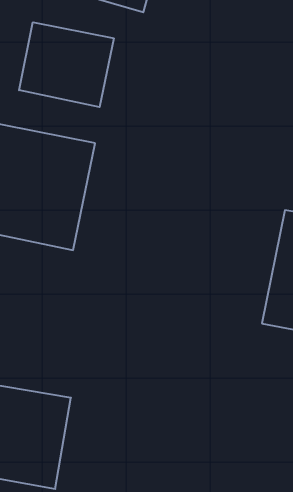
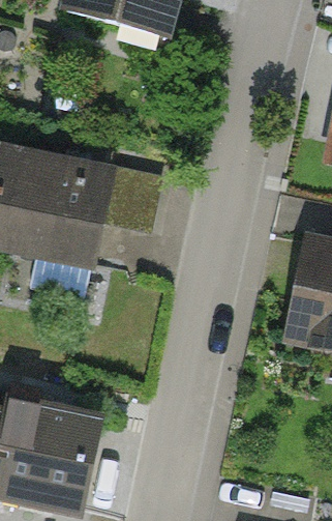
building: [19,22,114,107] -> none

